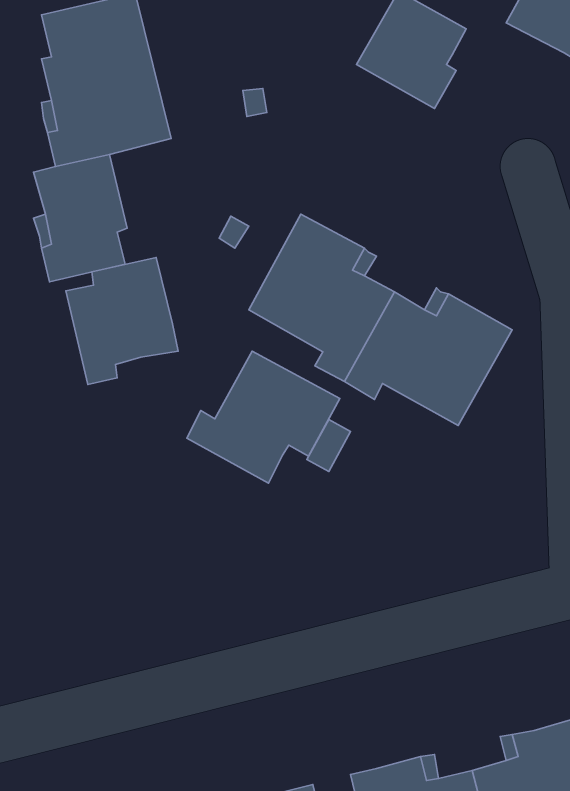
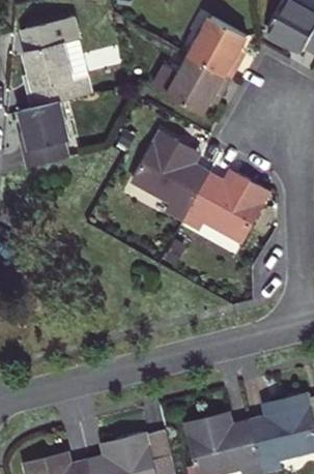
building: none -> [151,55,228,114]
building: [66,258,178,385] -> none
building: [187,351,340,483] -> none

